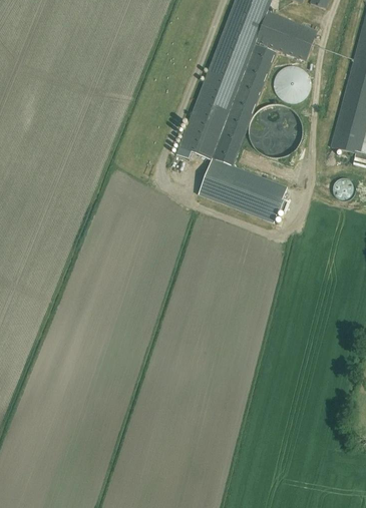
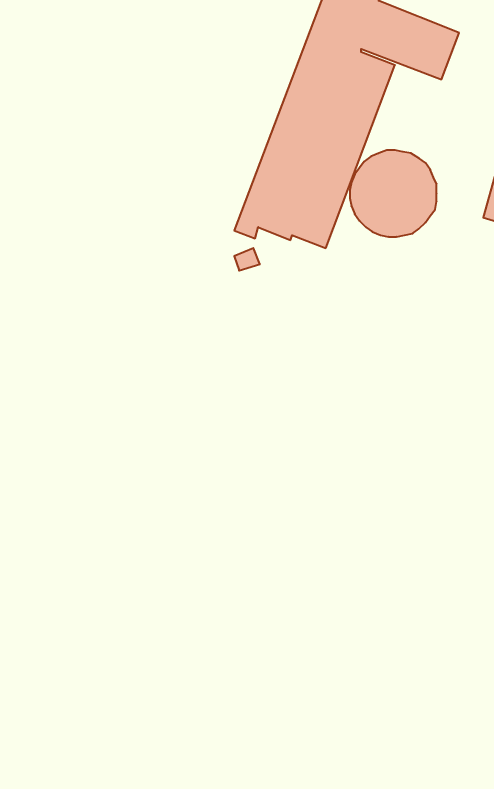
building: [272,64,309,101] -> none
building: [197,156,286,221] -> none

